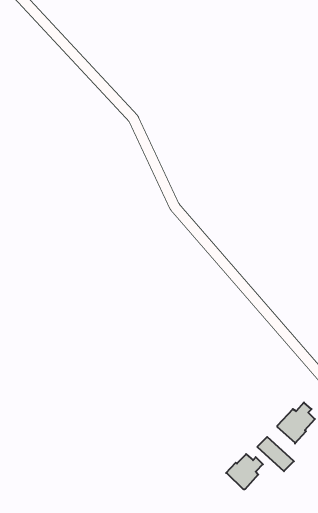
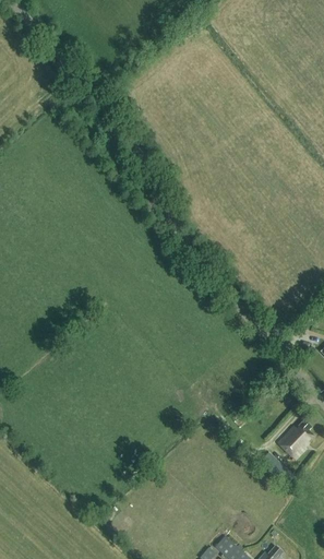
building: [226,454,263,489] -> none

